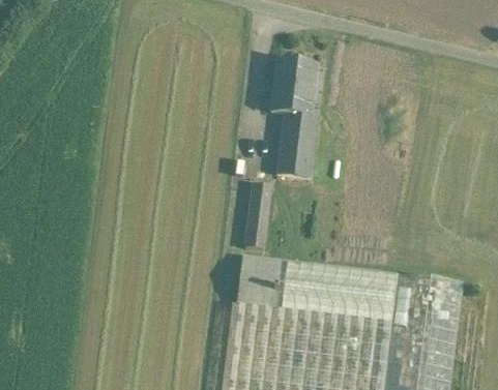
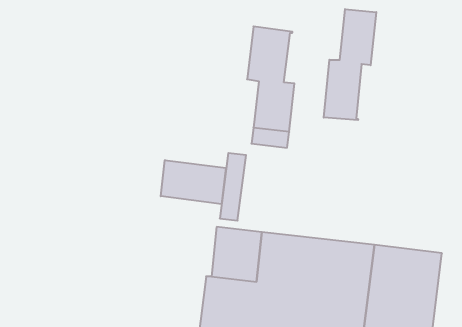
building: none -> [324,9,376,120]
building: none -> [161,160,226,204]

